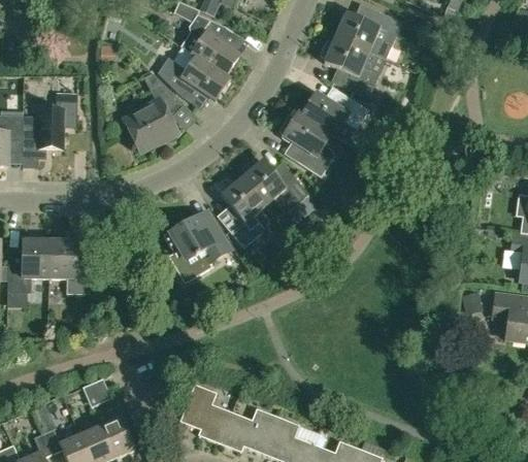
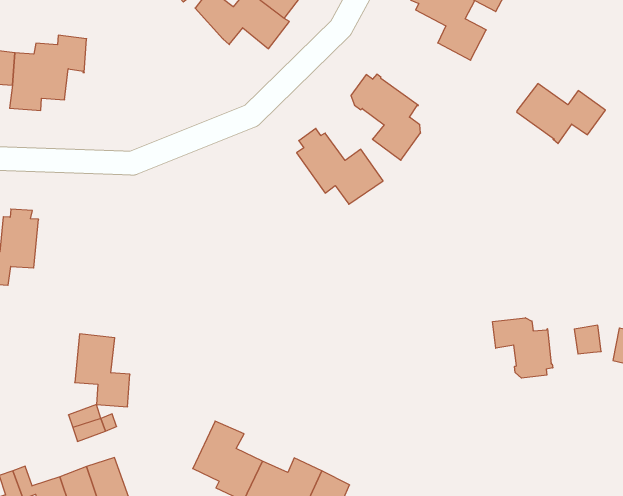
building: [123,72,184,152] -> none
building: [301,93,368,137] -> [517,84,605,144]
building: [221,176,265,246] -> none
building: [163,217,230,282] -> none
building: [48,240,90,293] -> [75,334,130,407]
building: none -> [493,318,553,378]

